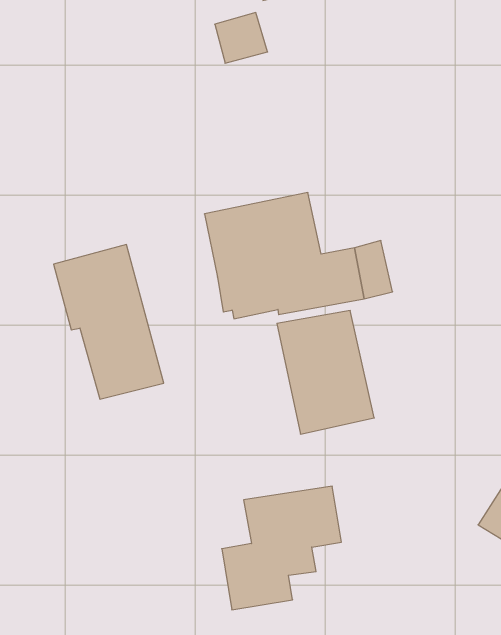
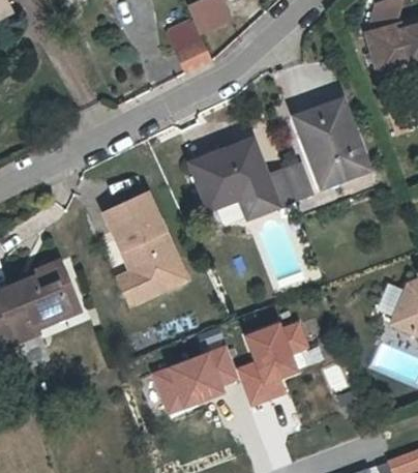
building: [277,311,374,434] -> [298,104,367,184]
building: none -> [118,248,186,304]
building: none -> [152,347,239,412]

